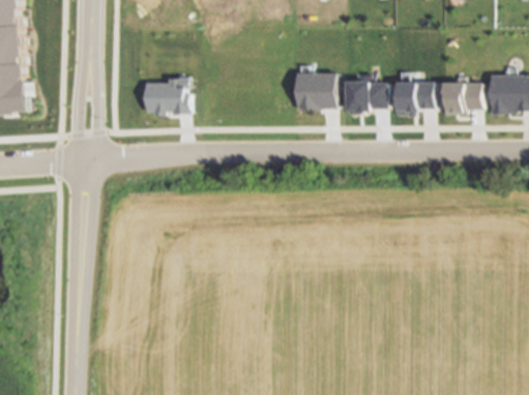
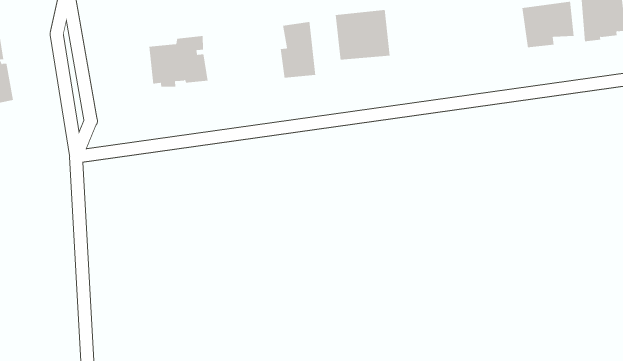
building: none -> [280,21,316,79]
building: [344,81,384,115] -> none
building: [392,82,432,116] -> none

